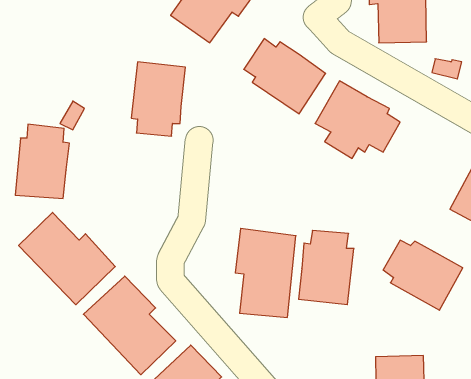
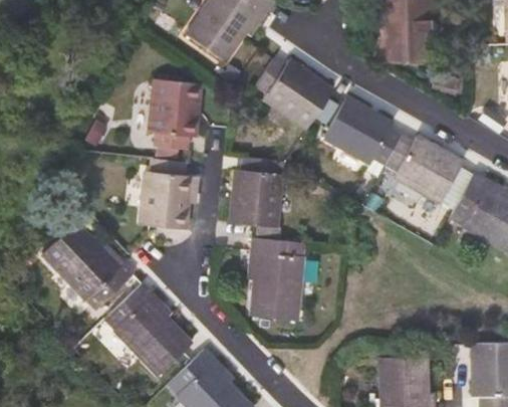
building: [15,124,69,198] -> [141,159,192,229]
building: [299,230,354,305] -> [231,158,283,228]
building: [383,240,463,310] -> [388,137,463,203]

